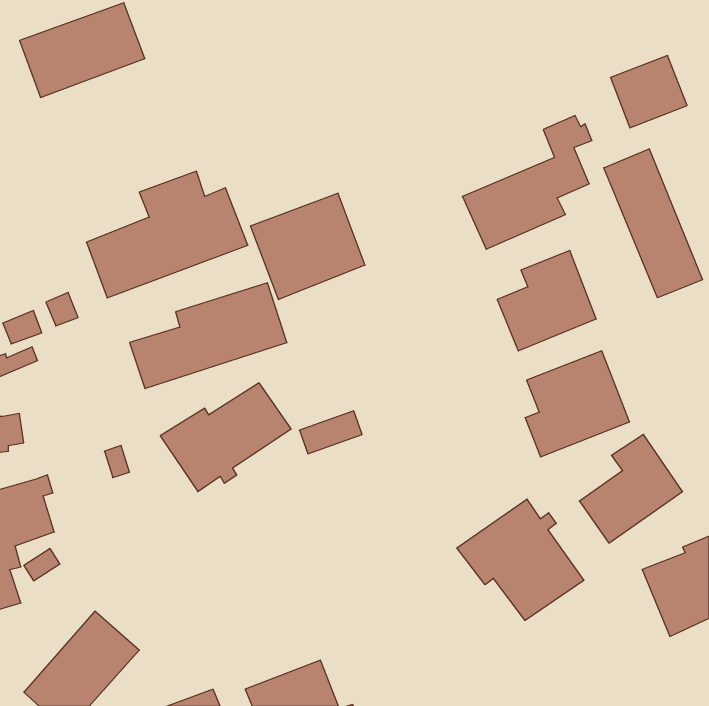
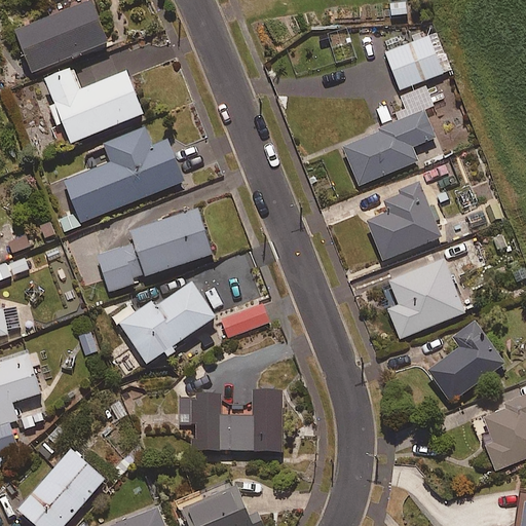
building: [610,55,687,128] -> [384,34,441,87]
building: none -> [44,70,142,143]
building: [604,149,702,298] -> none
building: [251,193,365,300] -> none
building: [457,499,584,620] -> none
building: none -> [178,394,283,452]

